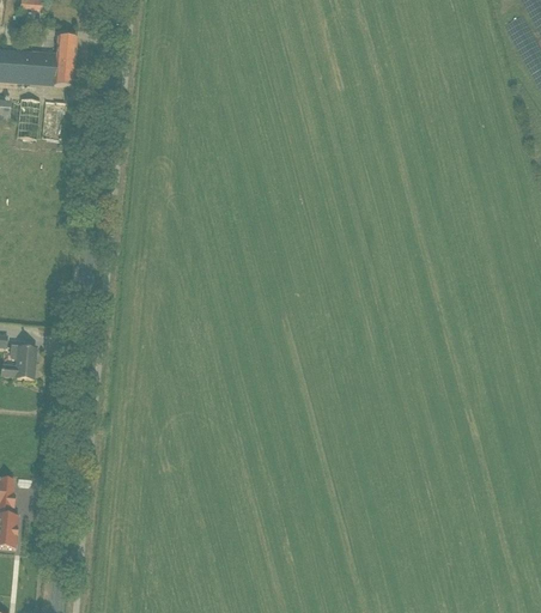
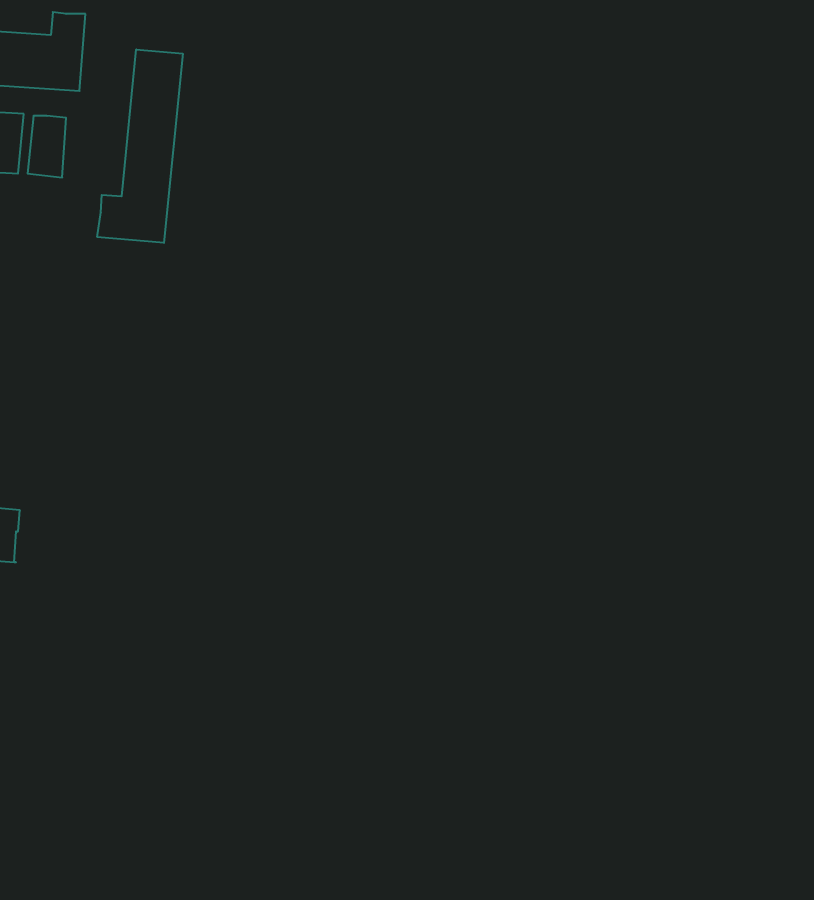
building: none -> [97,49,183,243]

